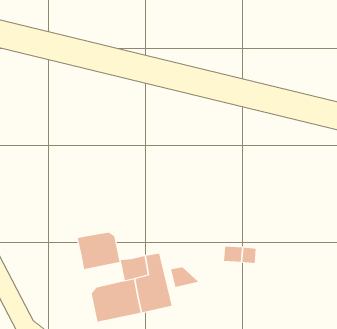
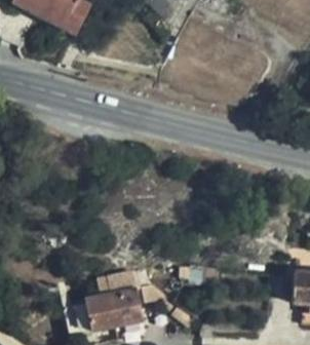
building: [77,232,120,270] -> none

